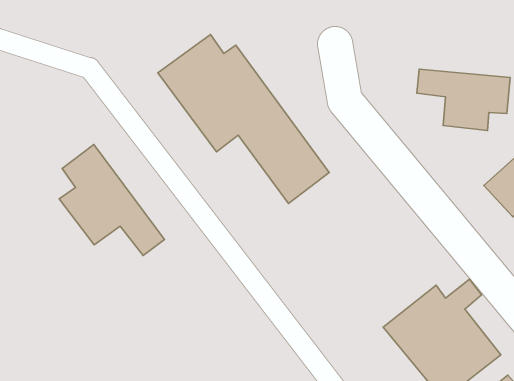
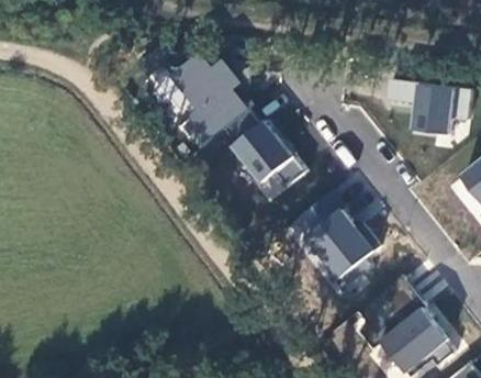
building: [59,144,164,256] -> none
building: none -> [290,191,379,285]

